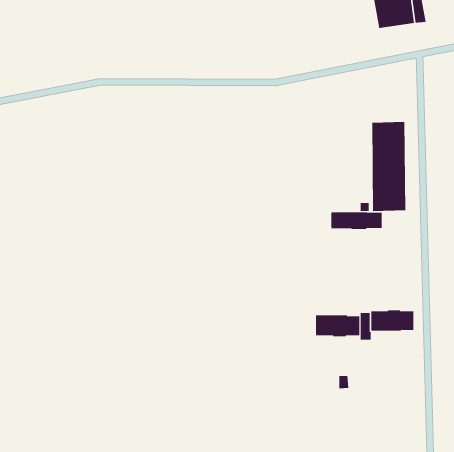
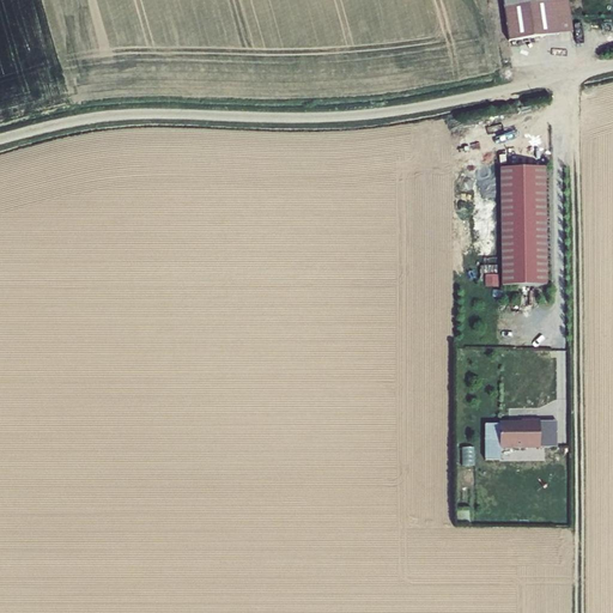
building: [331,211,382,230] -> none
building: [316,314,360,337] -> none

